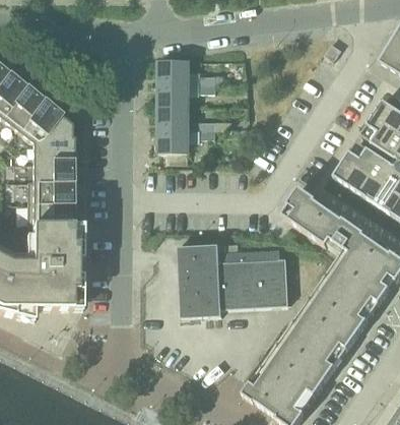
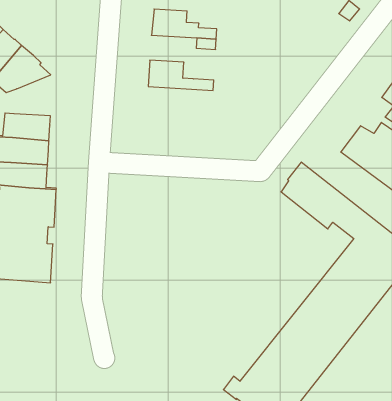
building: [158,82,189,105] -> none
building: [32,123,73,160] -> none
building: [158,128,216,151] -> none
building: [179,244,289,317] -> none

